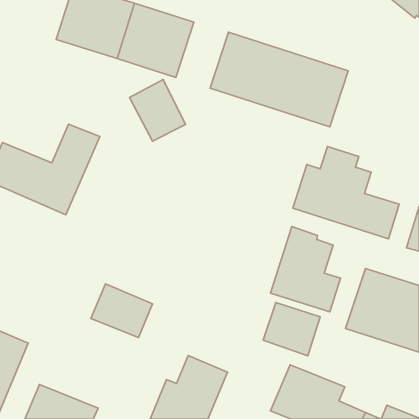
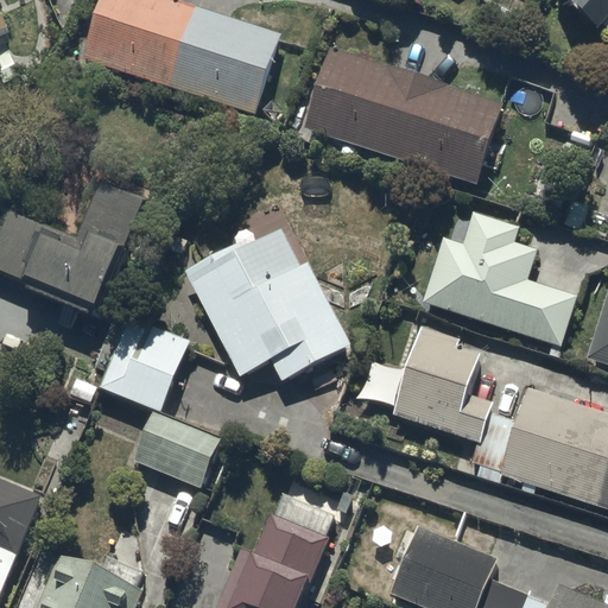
building: [130,80,185,141] -> none
building: none -> [184,228,349,379]
building: none -> [99,316,188,411]
building: [263,302,320,356] -> none

